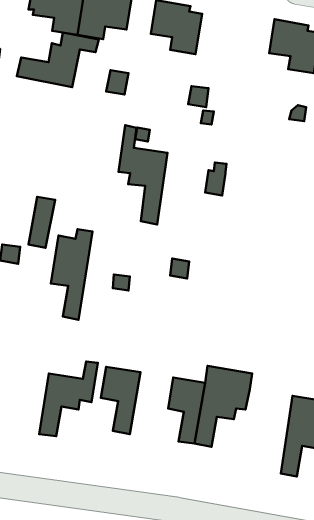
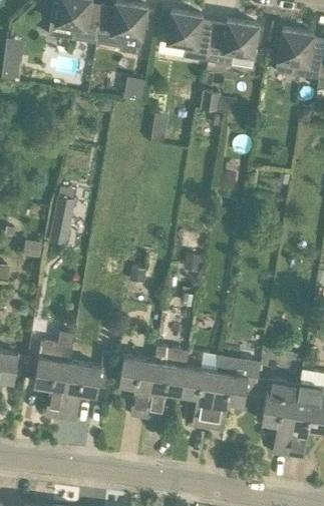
building: none -> [208,18,259,67]
building: [17,33,99,87] -> none
building: [119,125,167,224] -> none
building: [51,229,92,320] -> [34,333,73,418]
building: none -> [145,345,190,420]
building: none -> [255,376,299,455]

